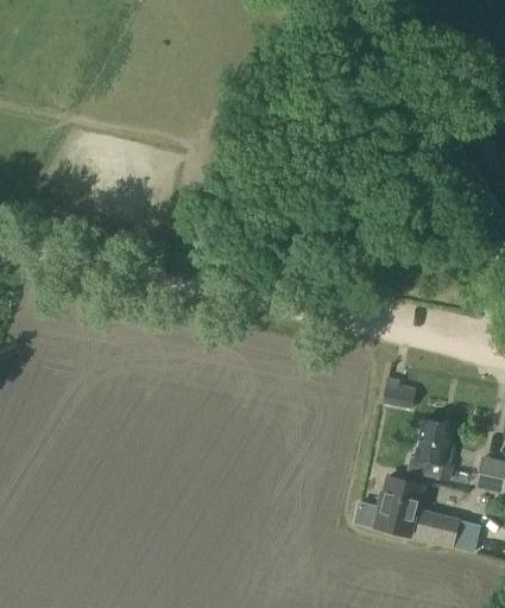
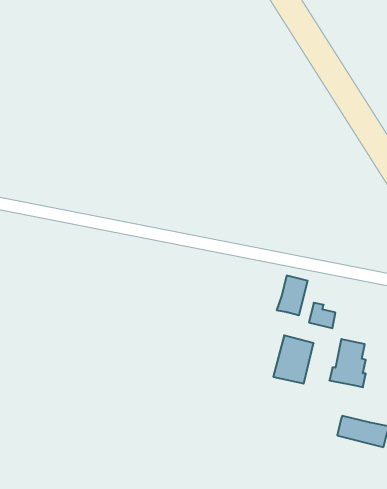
building: none -> [277,275,307,315]
building: [374,477,423,536] -> [273,335,314,384]

